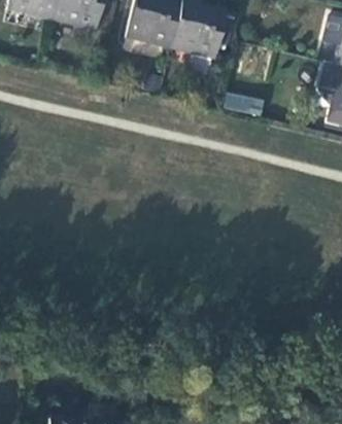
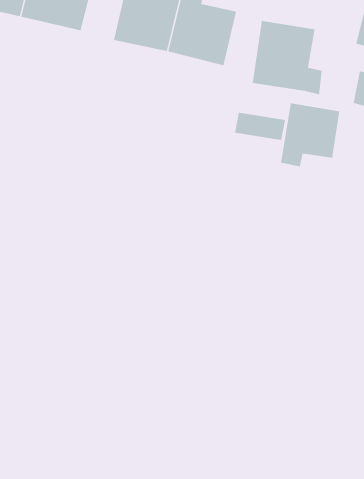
building: none -> [252,20,322,95]
building: none -> [281,103,340,167]

